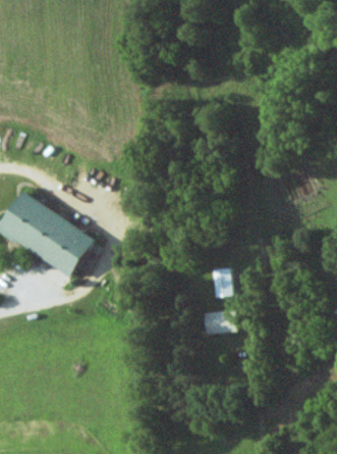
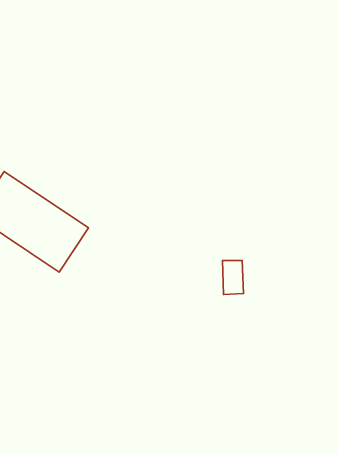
building: [204,311,235,334] -> none

